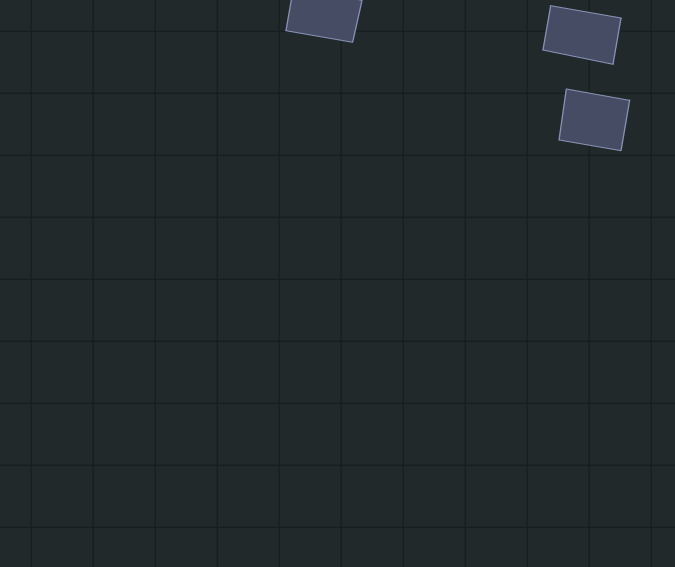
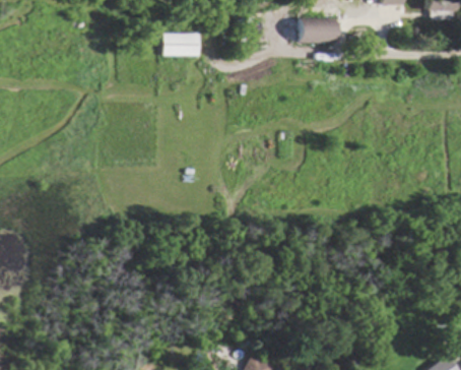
building: [559,89,630,151] -> none

